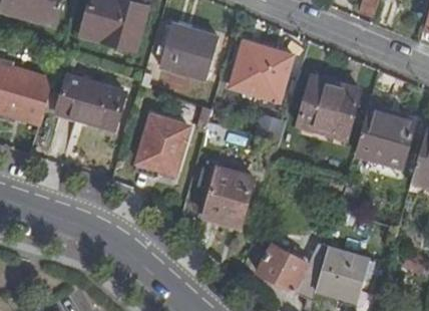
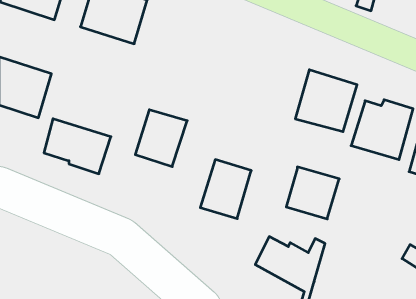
building: [158,23,218,79] -> none
building: [231,42,291,101] -> none
building: [58,76,125,131] -> [44,119,111,174]
building: [316,249,369,301] -> [286,167,339,219]

